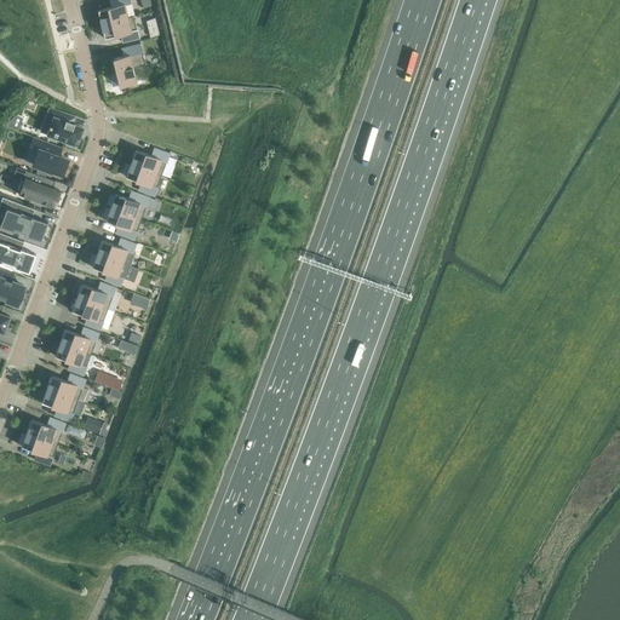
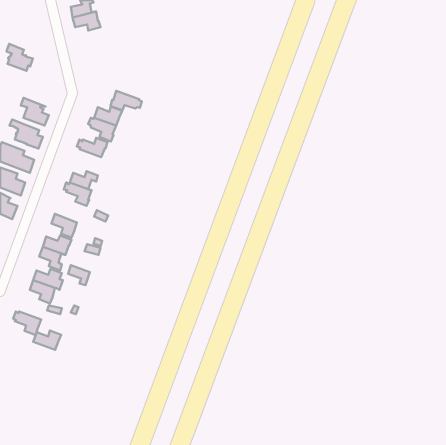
building: [110,45,144,87] -> none
building: [46,108,82,145] -> [6,44,33,71]
building: none -> [110,91,142,110]
building: [102,208,140,241] -> none
building: [76,283,115,310] -> none
building: [27,418,65,444] -> [33,330,61,350]

